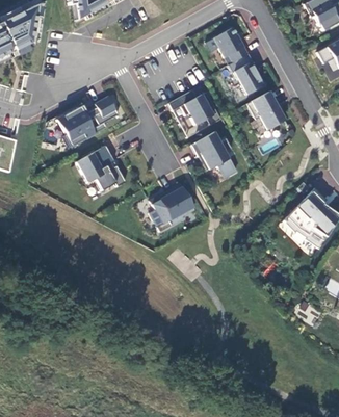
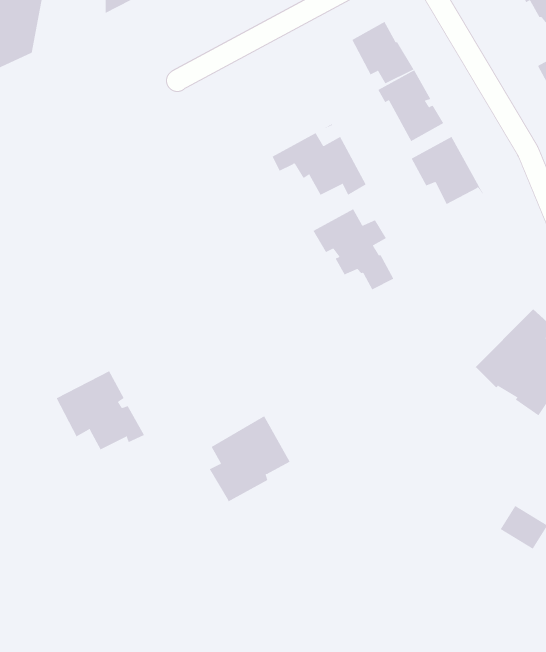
building: [56,97,119,148] -> none
building: [76,146,126,190] -> [56,370,145,450]
building: [149,183,194,232] -> [209,415,291,502]

